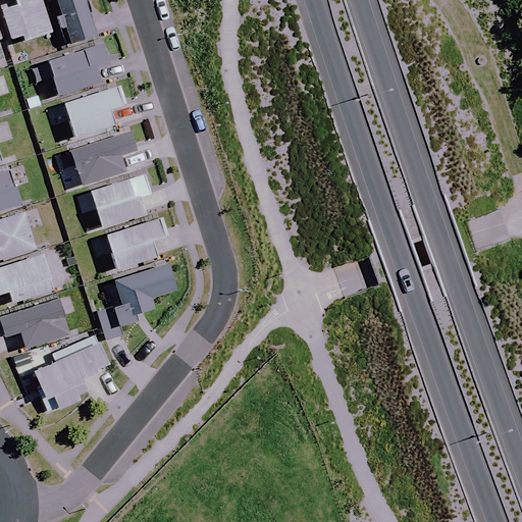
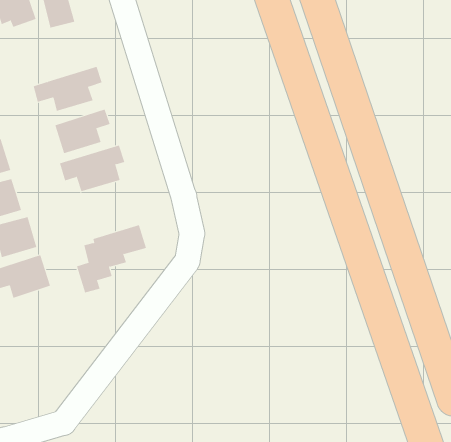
building: [34,51,102,95] -> none
building: [92,217,168,268] -> none
building: [35,334,108,412] -> none

